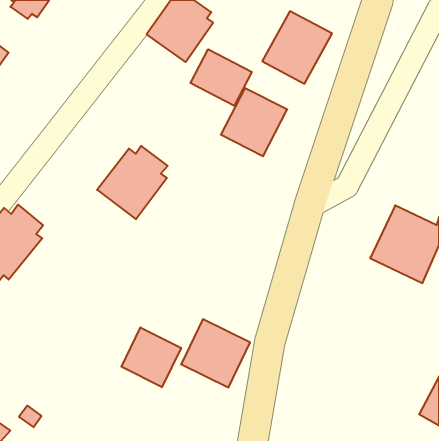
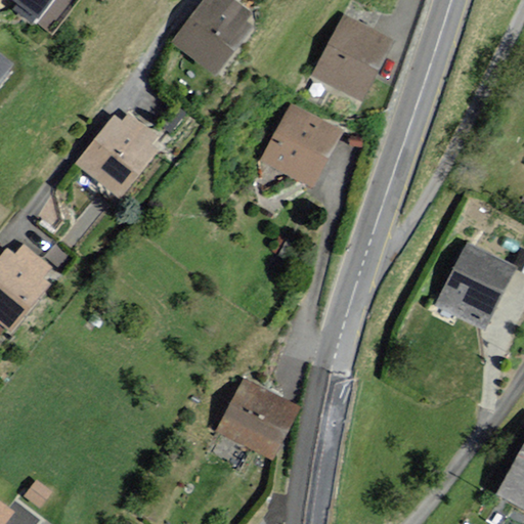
building: [190,49,252,106] -> none
building: [97,146,168,219] -> [74,113,158,200]
building: [121,327,181,387] -> none

